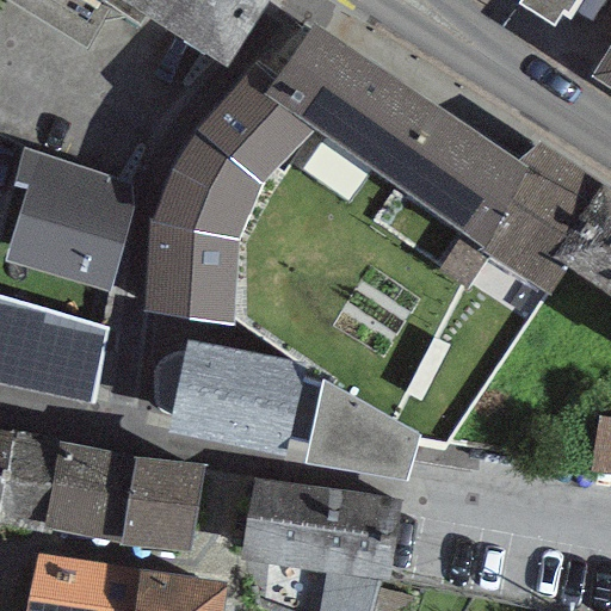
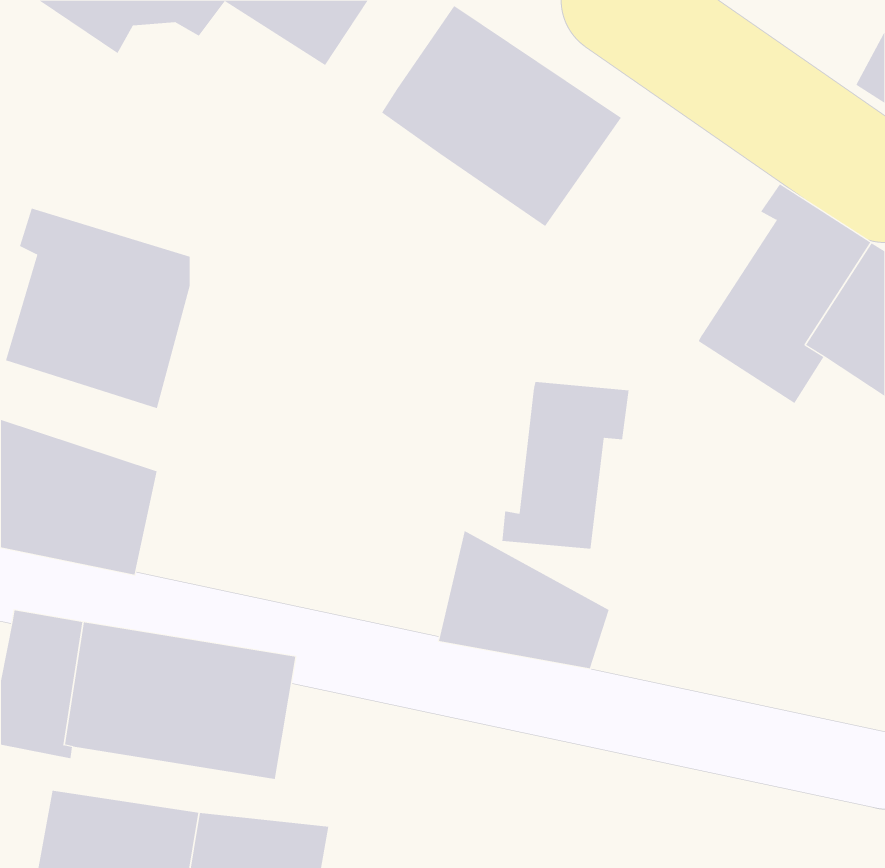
building: [141,66,303,322] -> none
building: [376,93,535,242] -> none
building: none -> [502,381,629,550]
building: [165,338,310,457] -> none
building: [239,483,391,585] -> none

